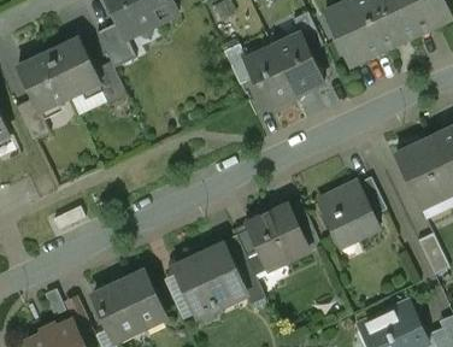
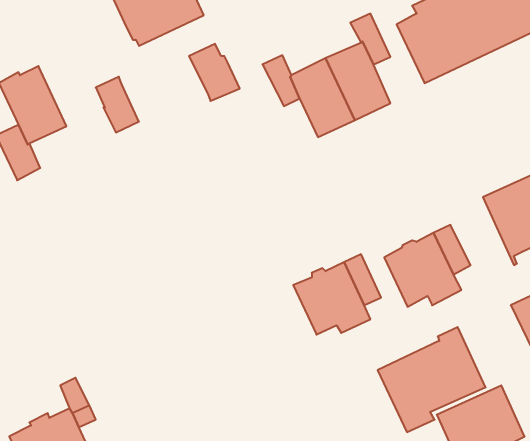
building: [95,22,135,66] -> [189,44,240,101]
building: [47,36,99,99] -> none
building: [172,234,257,316] -> [378,327,486,432]
building: [93,272,163,333] -> none

